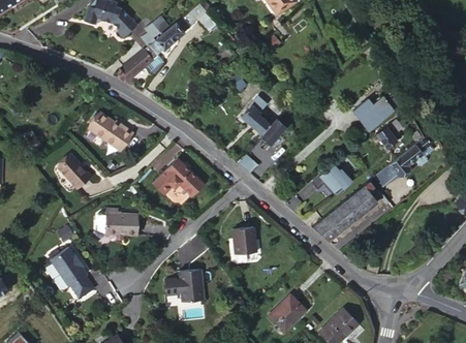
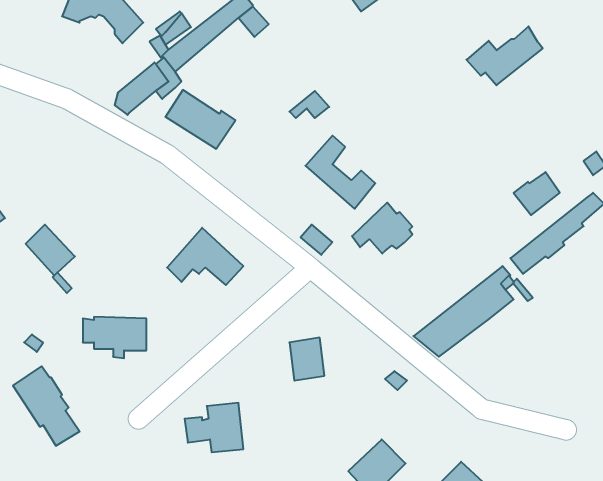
building: [352,90,402,128] -> [466,26,543,85]
building: [89,112,134,150] -> [165,90,235,149]
building: [313,160,352,193] -> [352,203,412,254]

